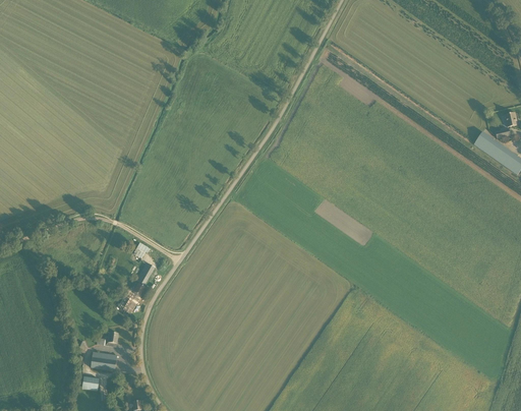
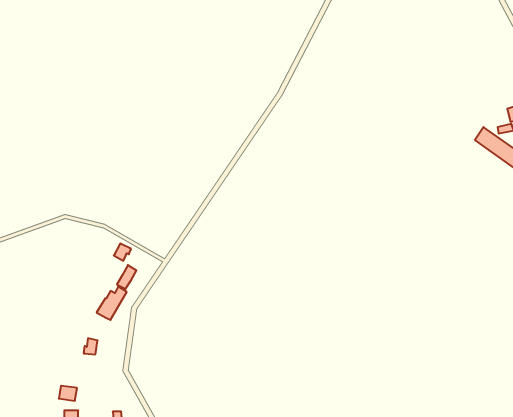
building: [91,350,117,369] -> none

